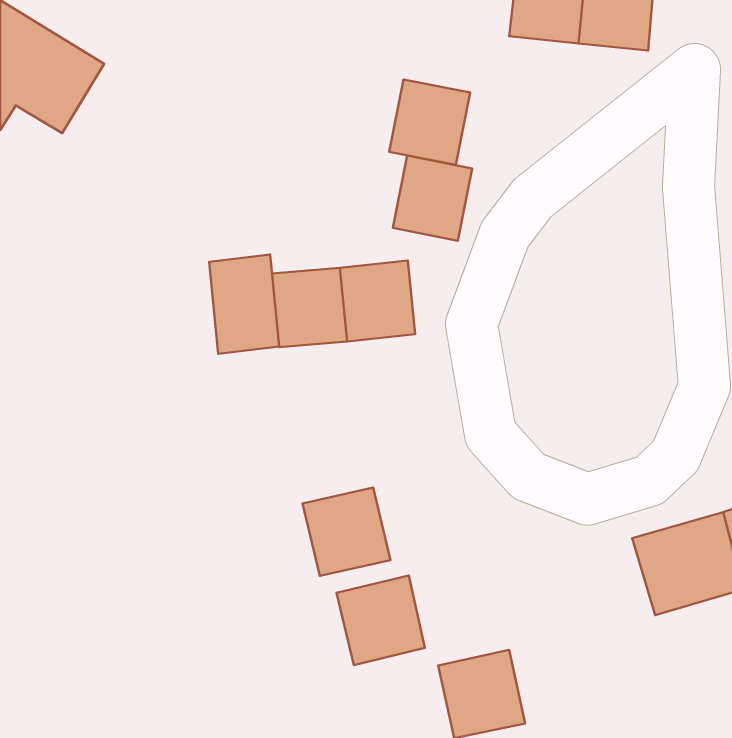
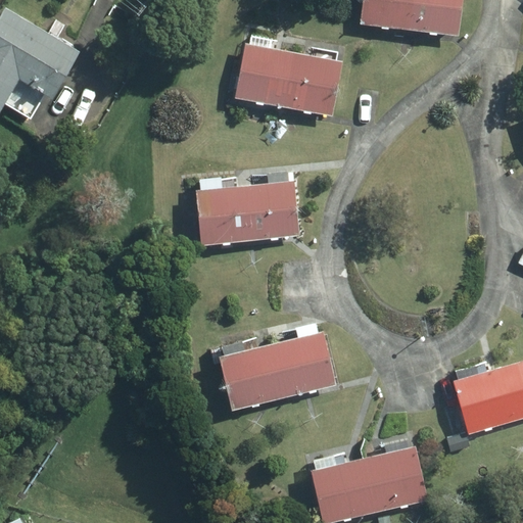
building: [393,155,472,241] -> [234,47,290,107]
building: [209,255,279,354] -> none
building: [337,575,425,665] -> [269,332,331,395]
building: none -> [365,447,426,511]

